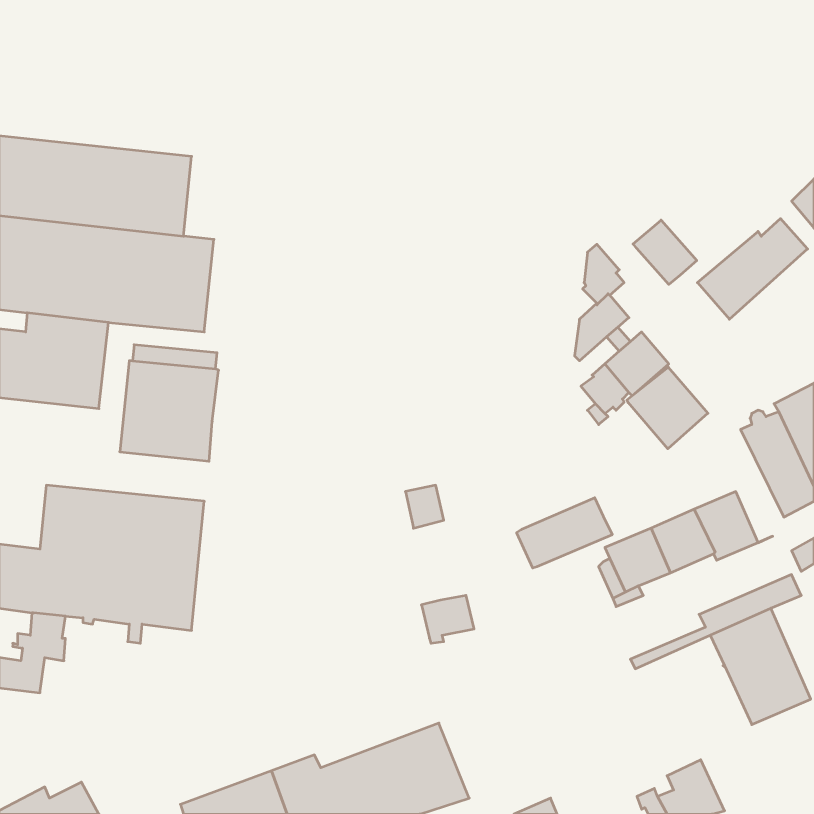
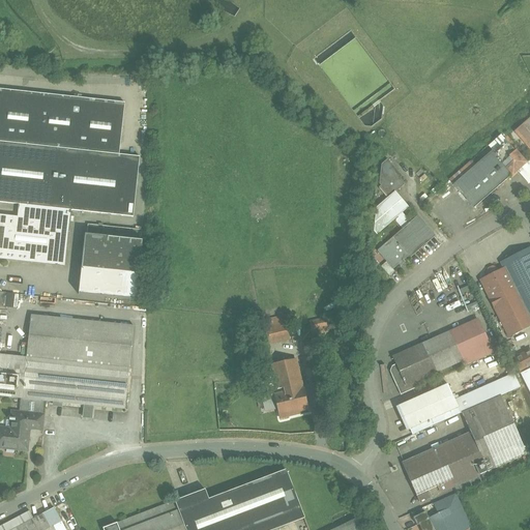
building: [633,220,697,284] -> none
building: [627,367,708,449] -> none
building: [517,498,612,568] -> [395,383,458,429]
building: none -> [271,358,302,389]
building: none -> [401,432,488,501]

